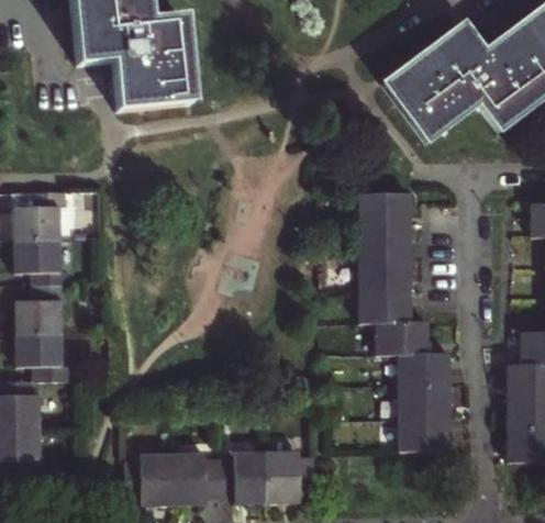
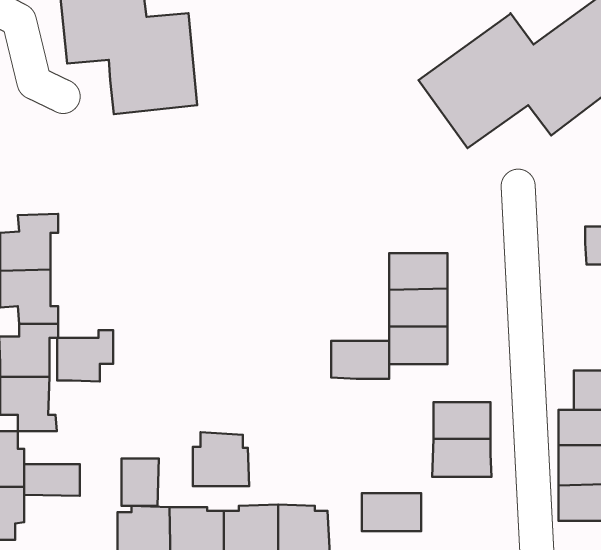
building: [359,199,410,229] -> none
building: none -> [57,330,113,381]
building: [376,325,426,358] -> [331,341,389,379]
building: none -> [193,432,249,486]
building: none -> [122,459,159,506]
building: none -> [24,464,80,496]
building: [397,423,448,456] -> [362,493,421,531]

